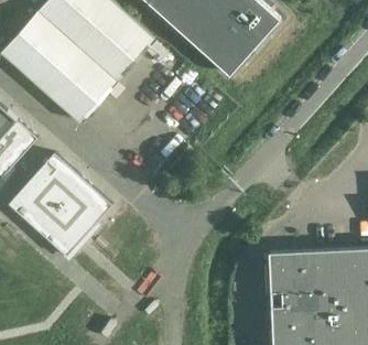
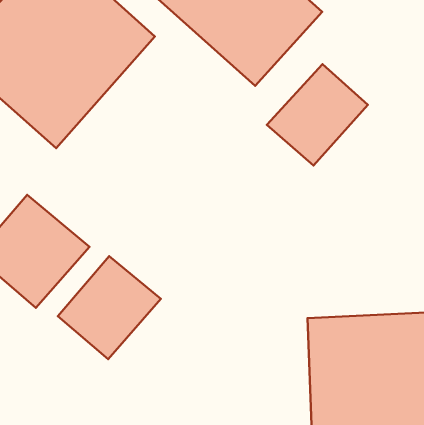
building: none -> [267,64,368,165]
building: none -> [58,256,161,359]

